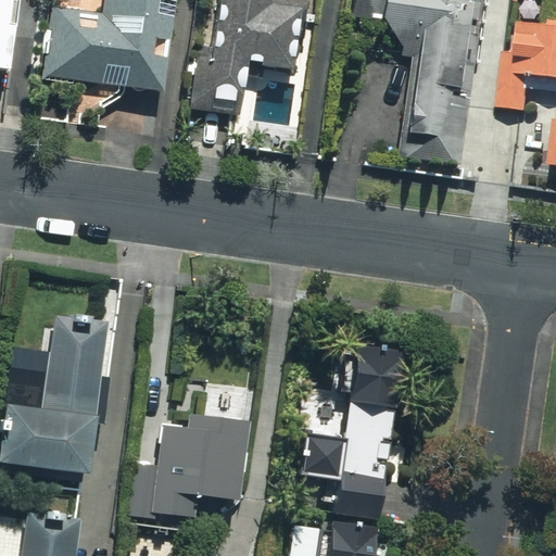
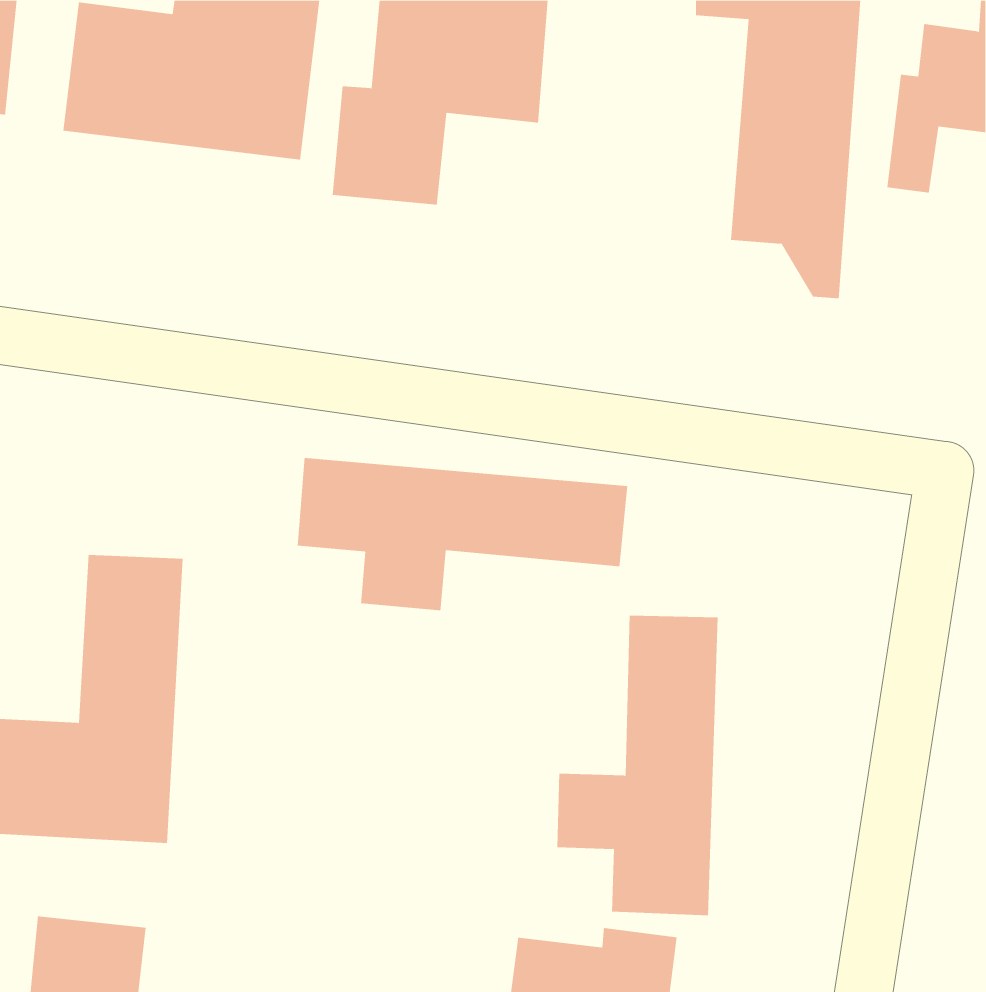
building: none -> [297,457,628,611]
building: [126,410,254,523] -> none

